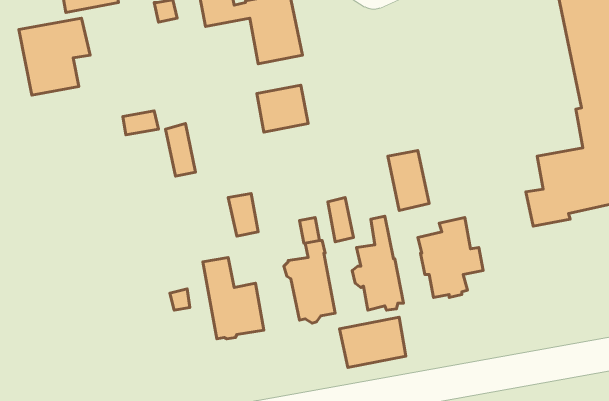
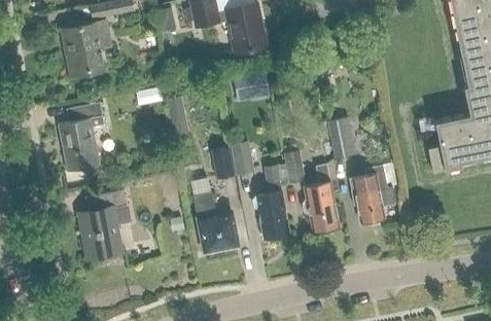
building: none -> [60,104,104,171]
building: none -> [233,139,257,174]
building: none -> [77,190,130,257]
building: [339,317,406,367] -> none

